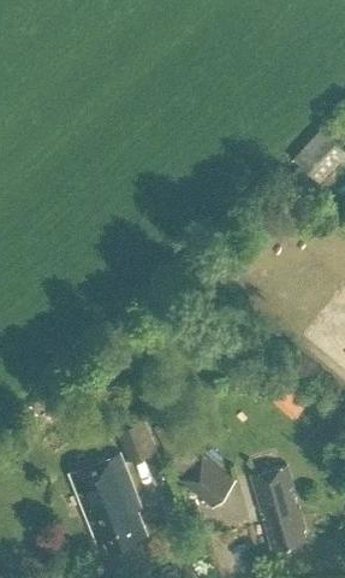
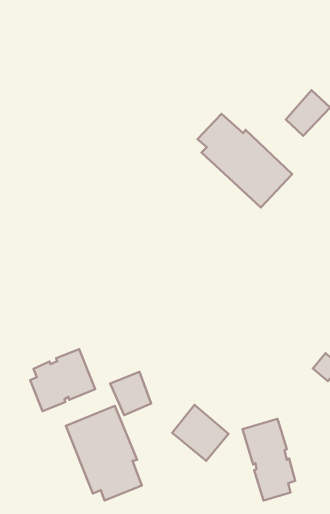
building: none -> [198,114,292,208]
building: none -> [30,349,95,411]

